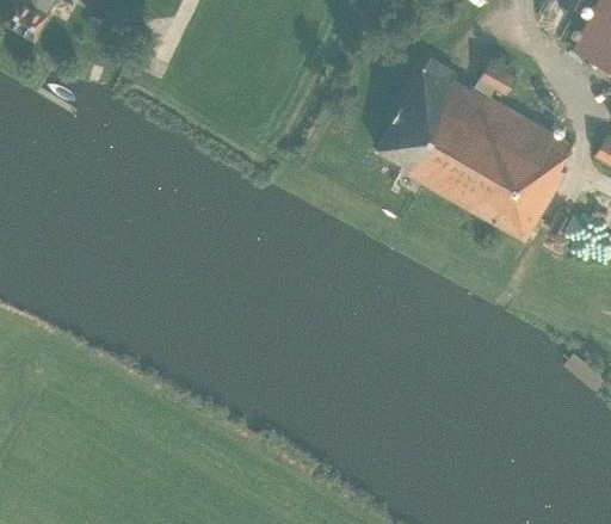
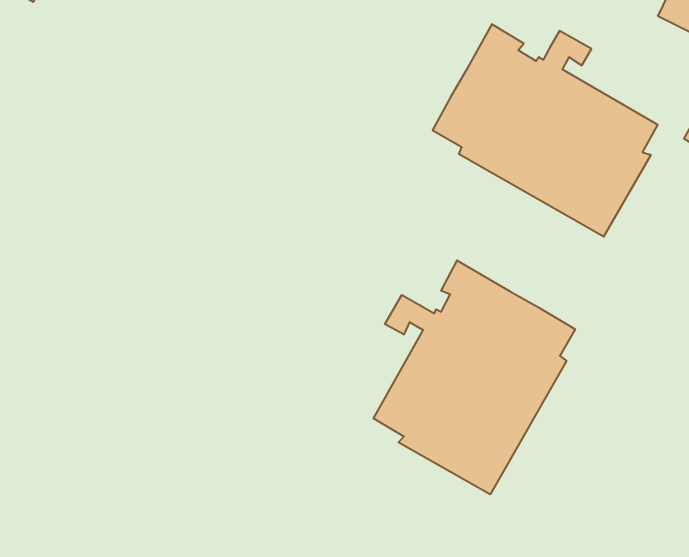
building: none -> [374,260,575,494]

